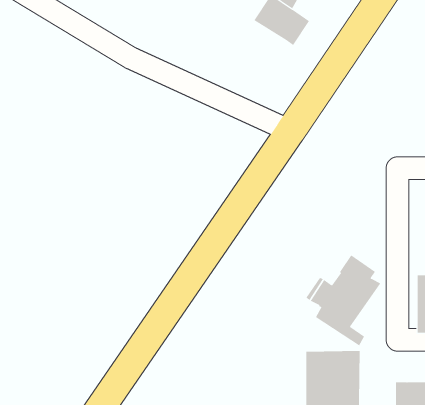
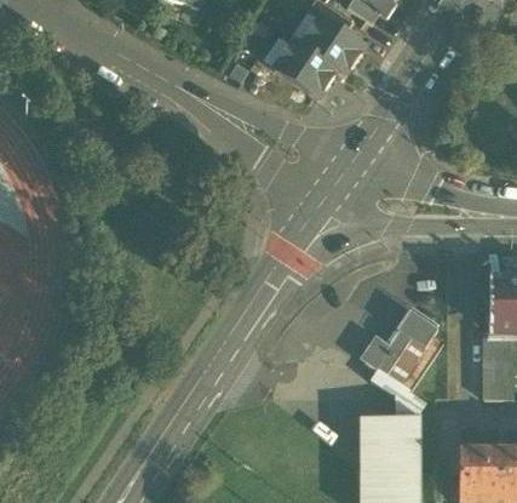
building: none -> [275,39,338,97]

